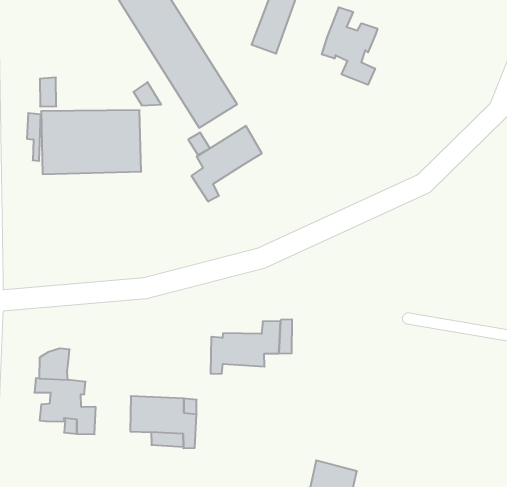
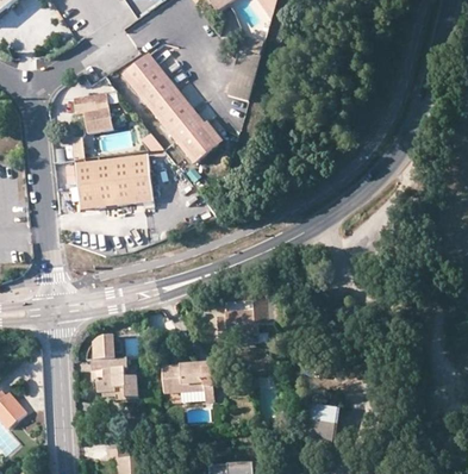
building: [322,7,377,85] -> none
building: none -> [74,93,111,131]
building: [192,126,262,202] -> none

